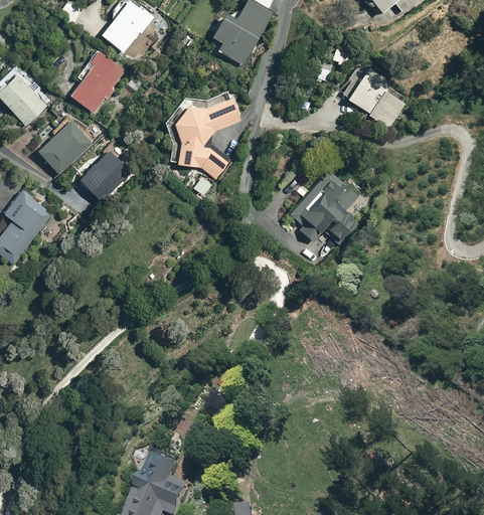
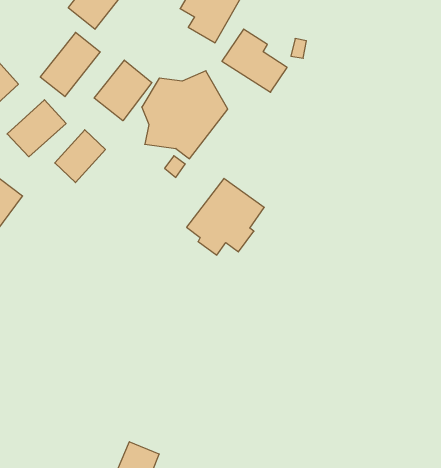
building: [340,63,404,125] -> [222,29,287,92]
building: none -> [94,60,152,121]
building: [286,167,361,241] -> [187,178,264,255]

